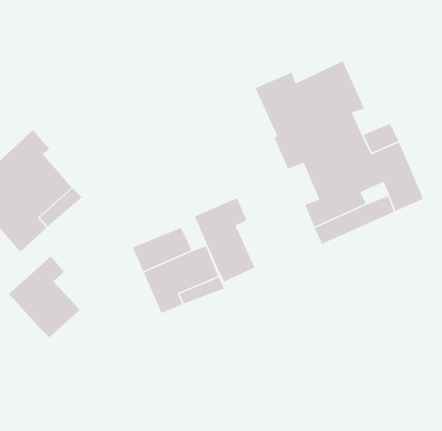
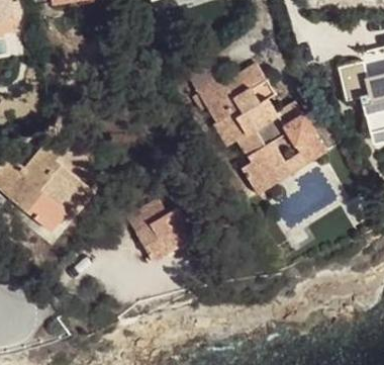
building: [194,197,255,283] -> none
building: [8,256,80,338] -> none

